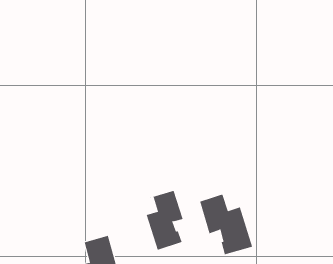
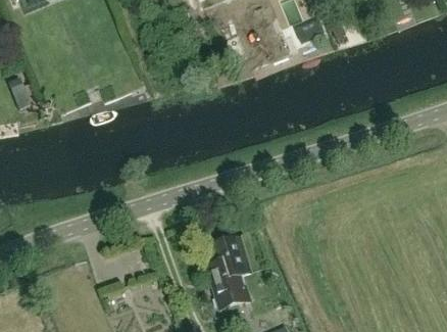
building: [200,192,253,255] -> none

